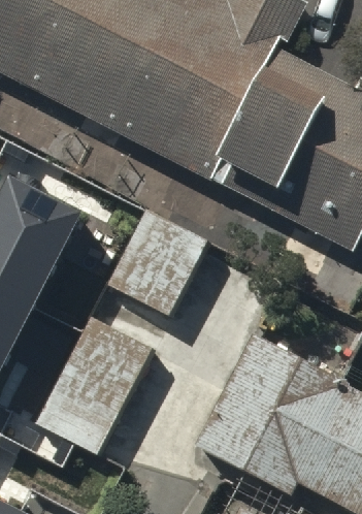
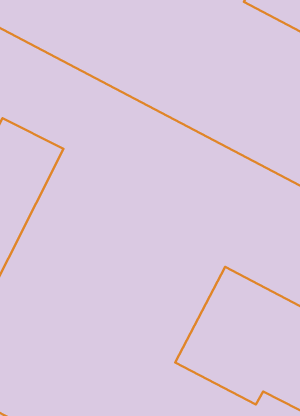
building: [110,212,211,317] -> none
building: [40,318,156,452] -> none

